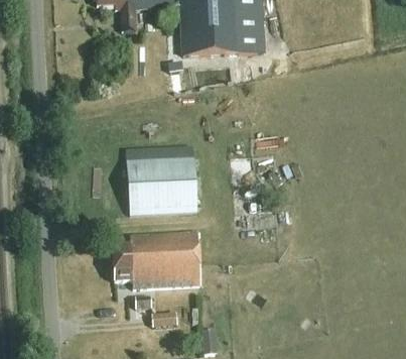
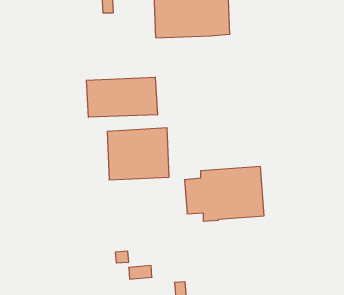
building: none -> [86,77,157,117]
building: [112,229,201,290] -> [184,167,264,221]

